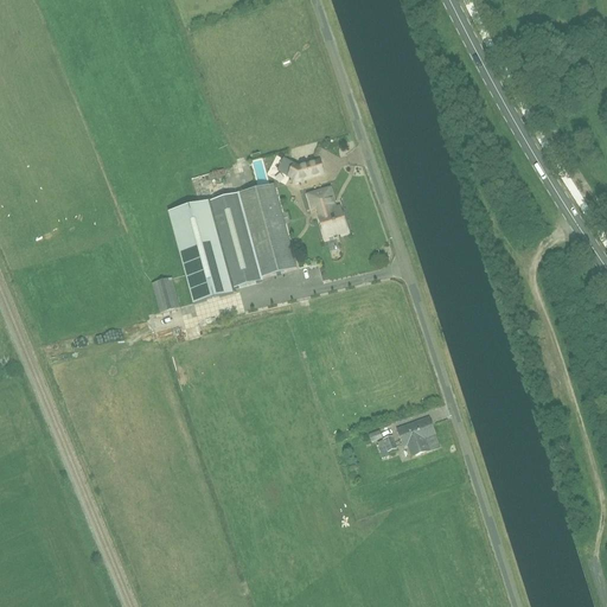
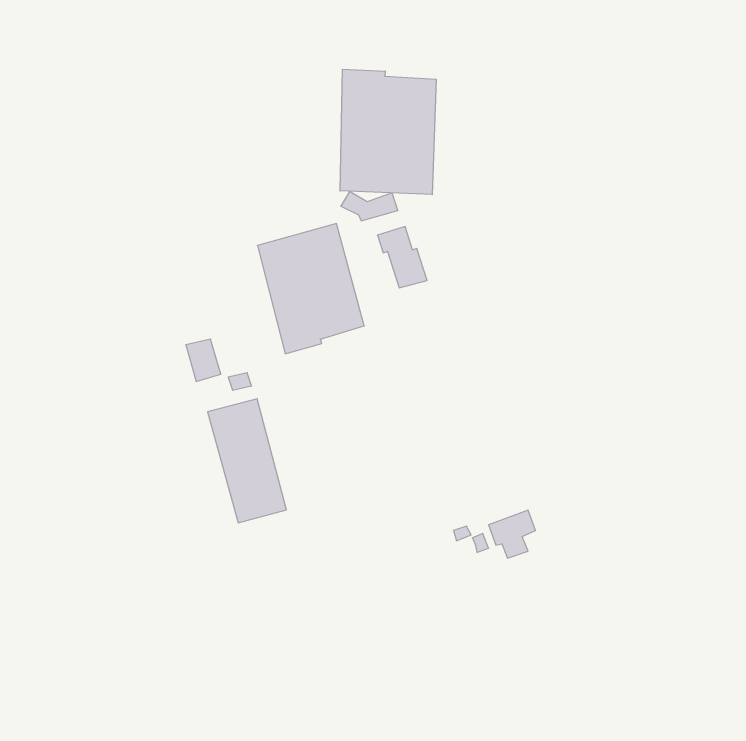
building: none -> [340,69,436,195]
building: [167,199,231,300] -> [208,399,286,523]

